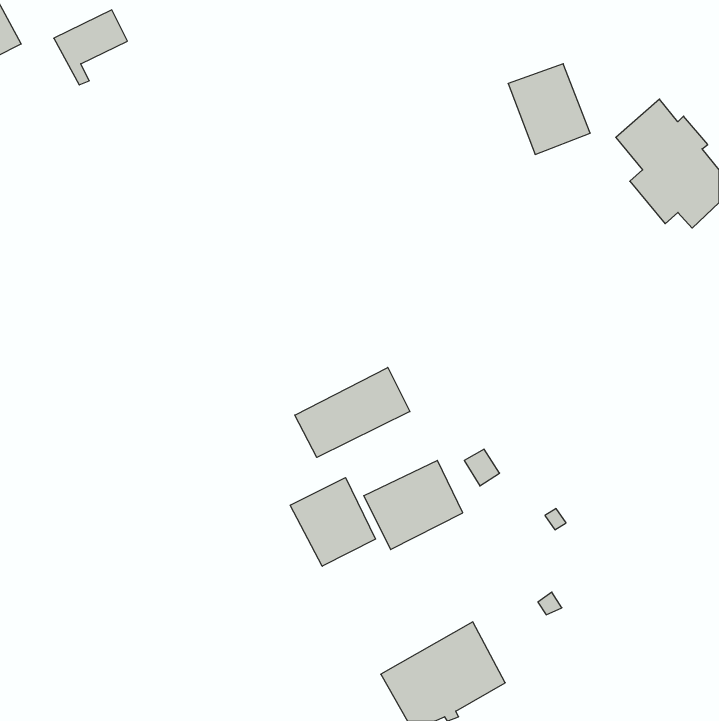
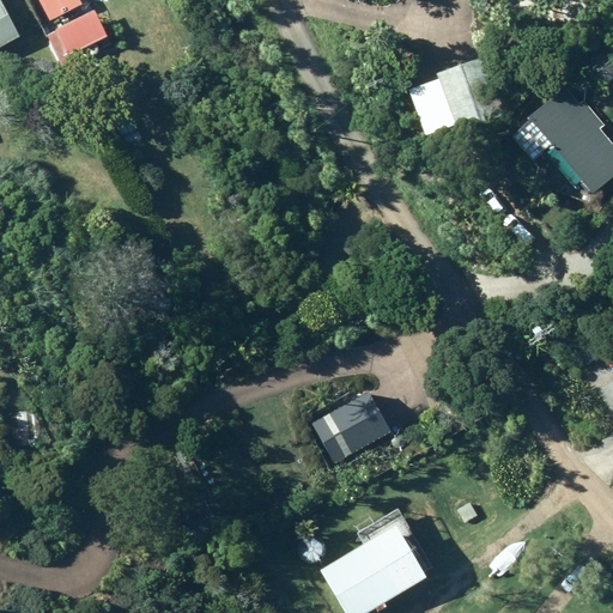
building: [295,367,410,457] -> none
building: [290,478,376,566] -> none

